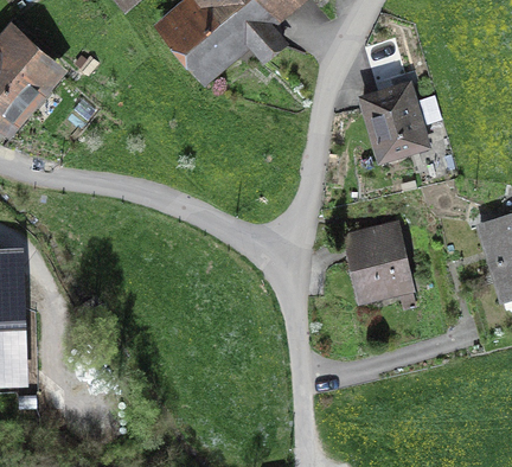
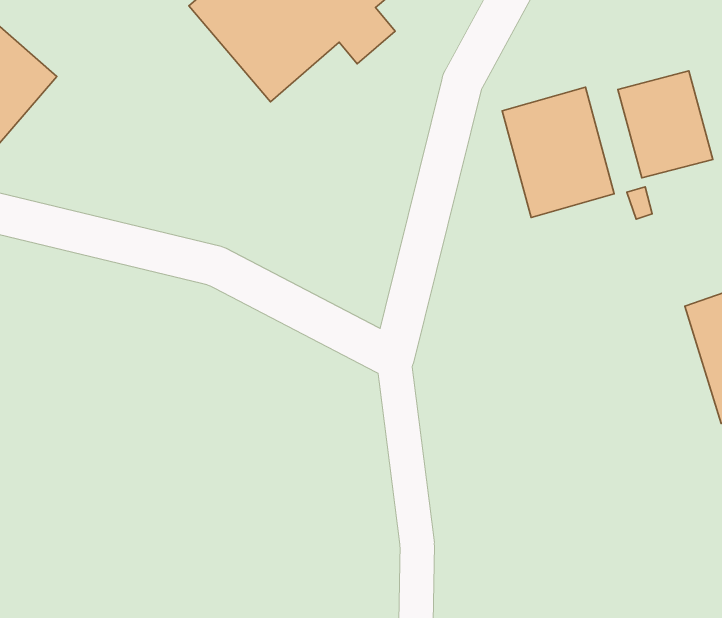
building: none -> [618,71,713,178]
building: [343,219,415,306] -> none

